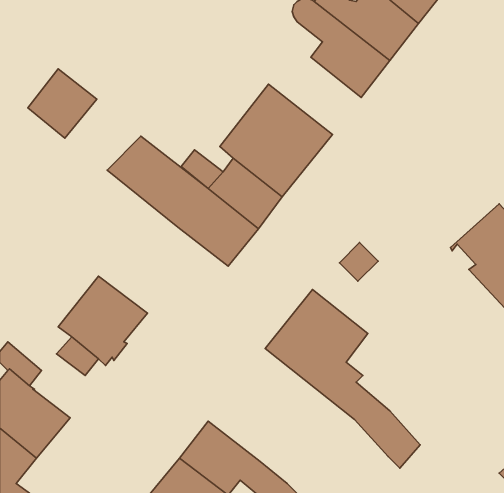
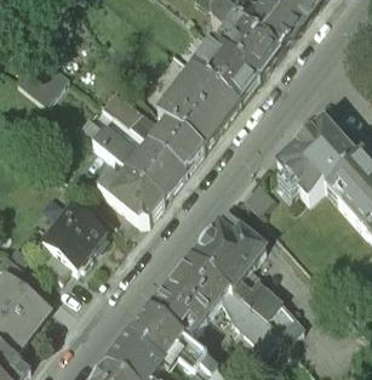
building: none -> [191,36,261,101]
building: none -> [277,121,355,198]
building: none -> [98,168,165,216]
building: none -> [150,255,280,346]

